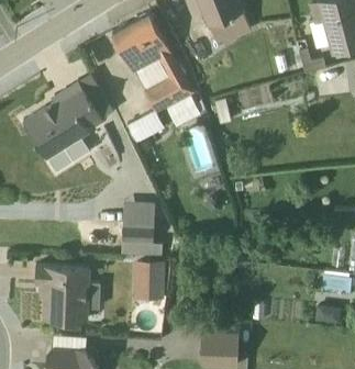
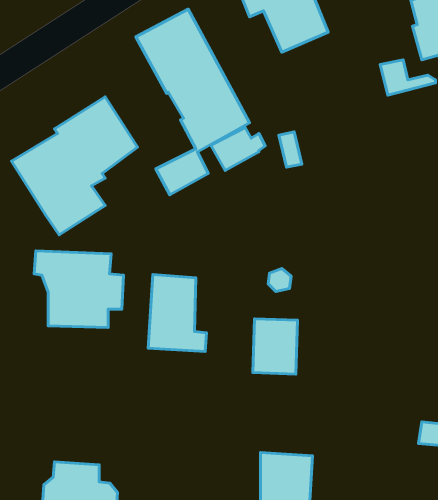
building: [133,260,165,300] -> [253,319,297,374]
building: [35,266,99,321] -> [34,251,123,327]

